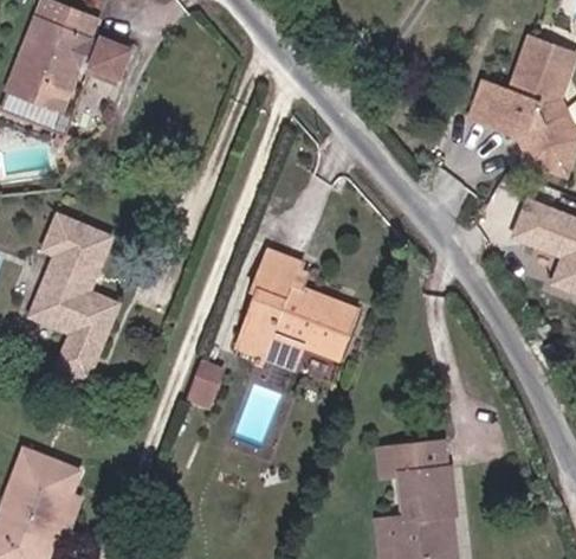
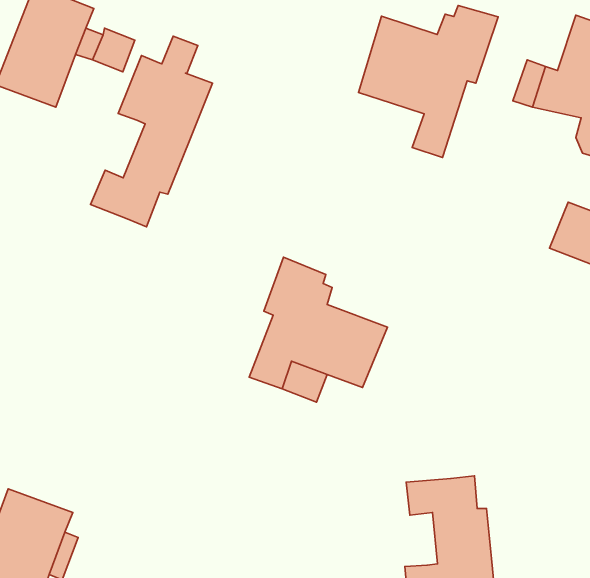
building: none -> [359,6,498,158]
building: none -> [91,36,213,227]
building: [31,216,119,380] -> none
building: [186,360,222,410] -> none

